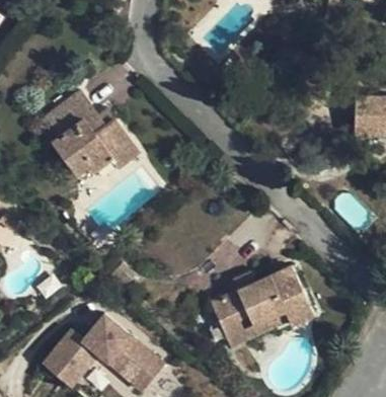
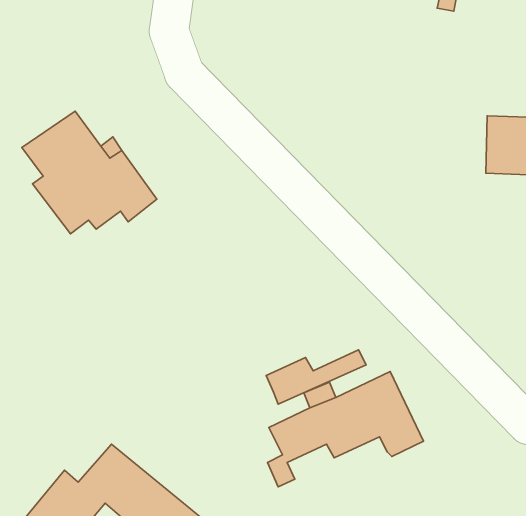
building: [223,309,290,345] -> [266,350,366,404]

